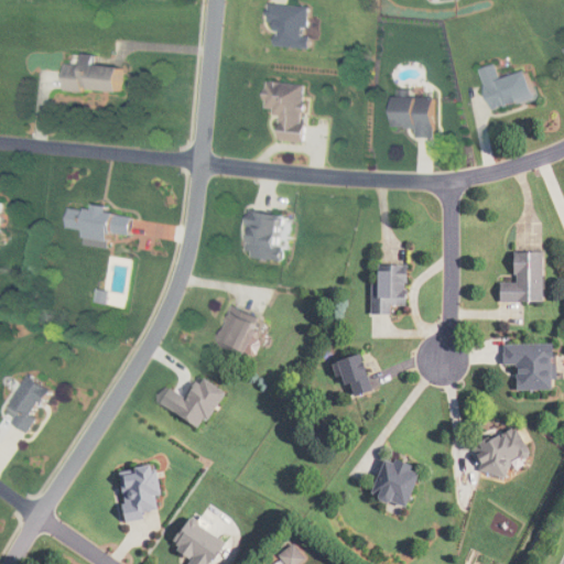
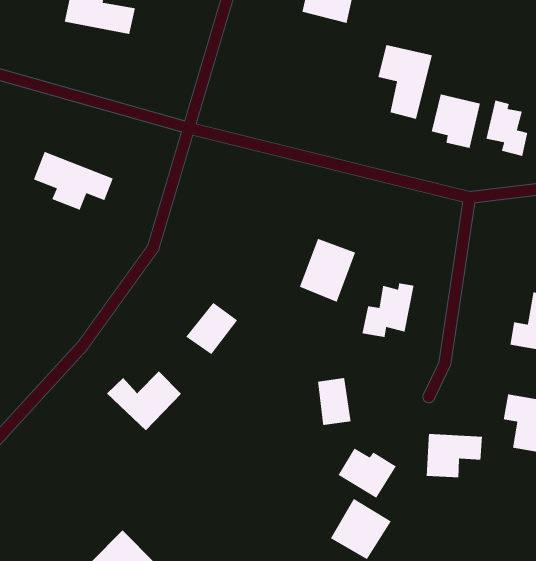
building: [262,82,306,142] -> [378,44,433,120]
building: none -> [485,100,528,157]
building: [243,208,288,261] -> [299,238,356,303]
building: none -> [337,447,397,499]
building: [475,432,524,475] -> [426,433,483,478]
building: [117,465,160,521] -> none

